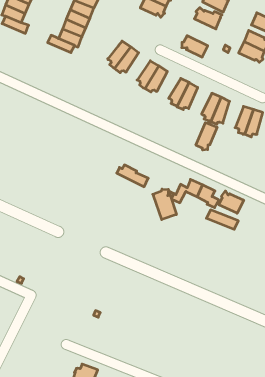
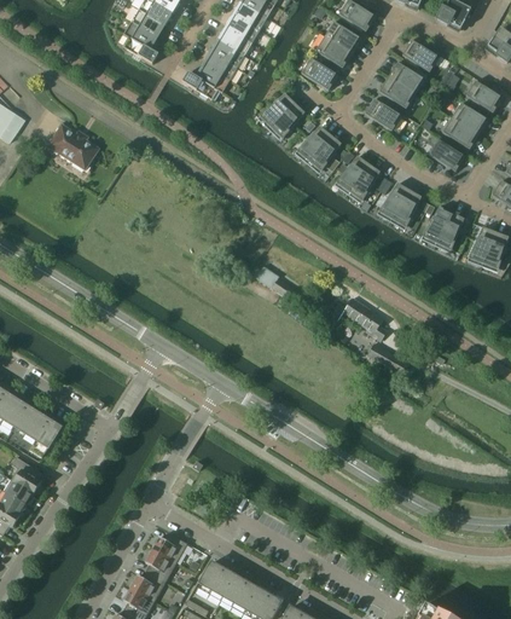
building: none -> [301,57,338,88]
building: none -> [379,75,416,108]
building: none -> [428,138,465,170]
building: [196,123,217,150] -> none
building: [153,189,176,220] -> none
building: [219,191,244,213] -> none

